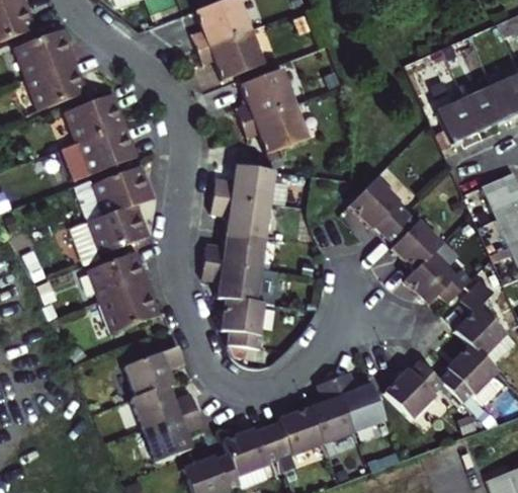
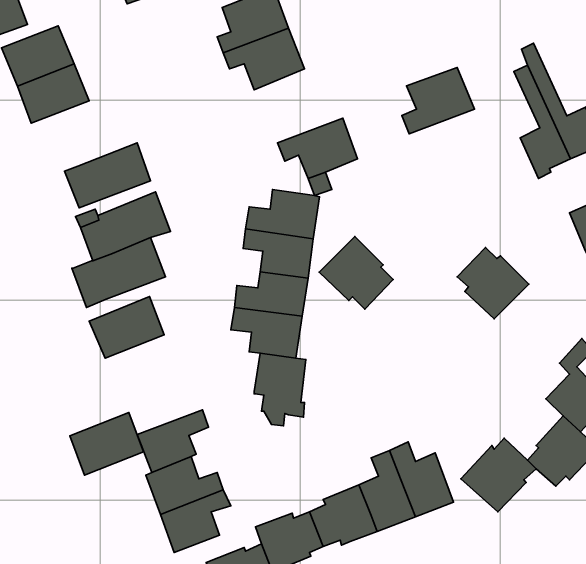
building: [234,70,293,125] -> [402,67,474,134]
building: [63,92,124,144] -> none
building: [350,175,411,235] -> [319,237,393,309]
building: [410,249,476,303] -> none
building: [98,282,159,334] -> [70,412,144,475]

